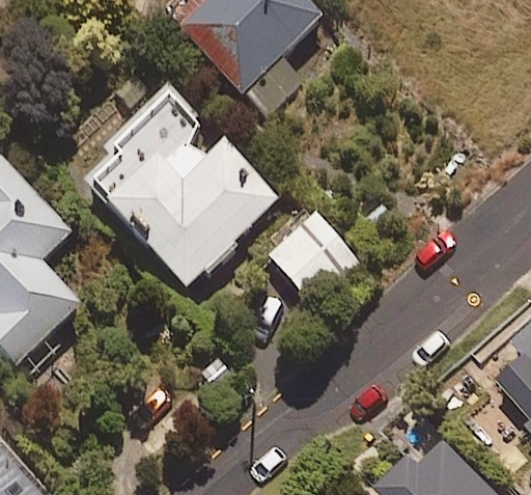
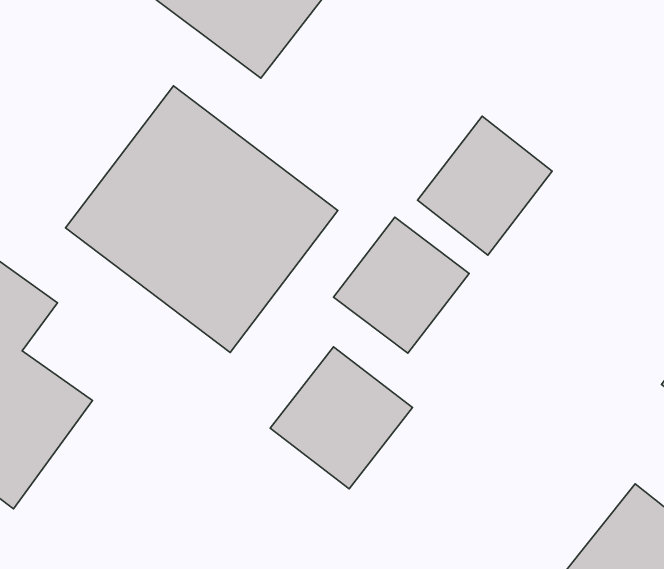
building: none -> [417,116,552,255]
building: none -> [270,347,413,489]

